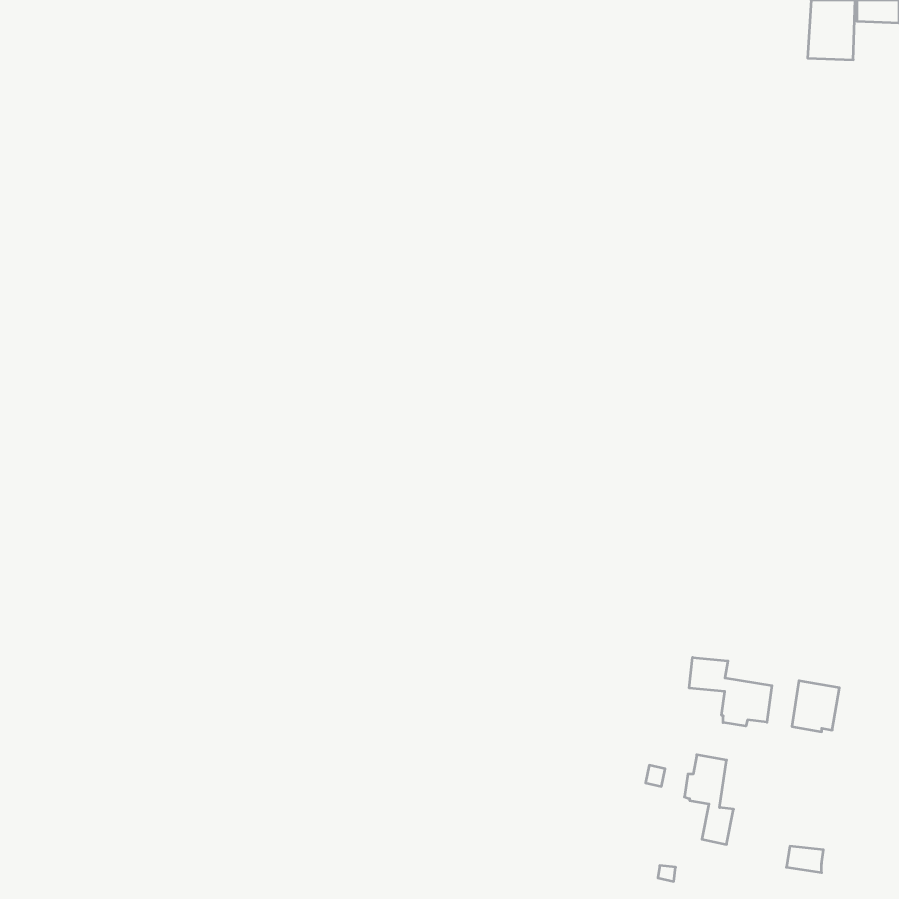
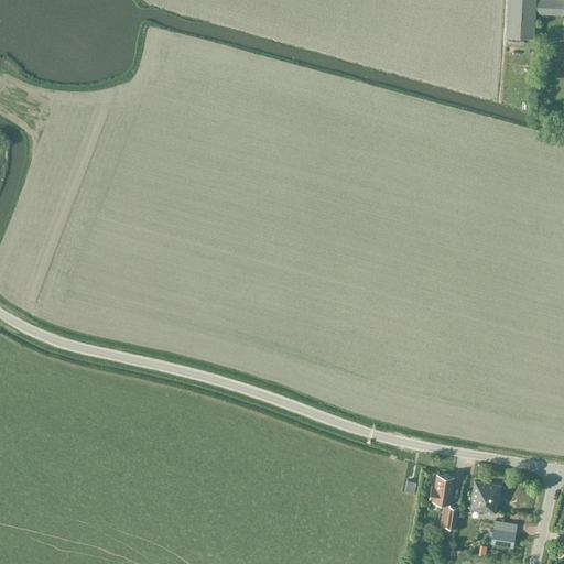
building: [689,657,772,726] -> none
building: [792,681,839,732] -> [471,480,501,512]

